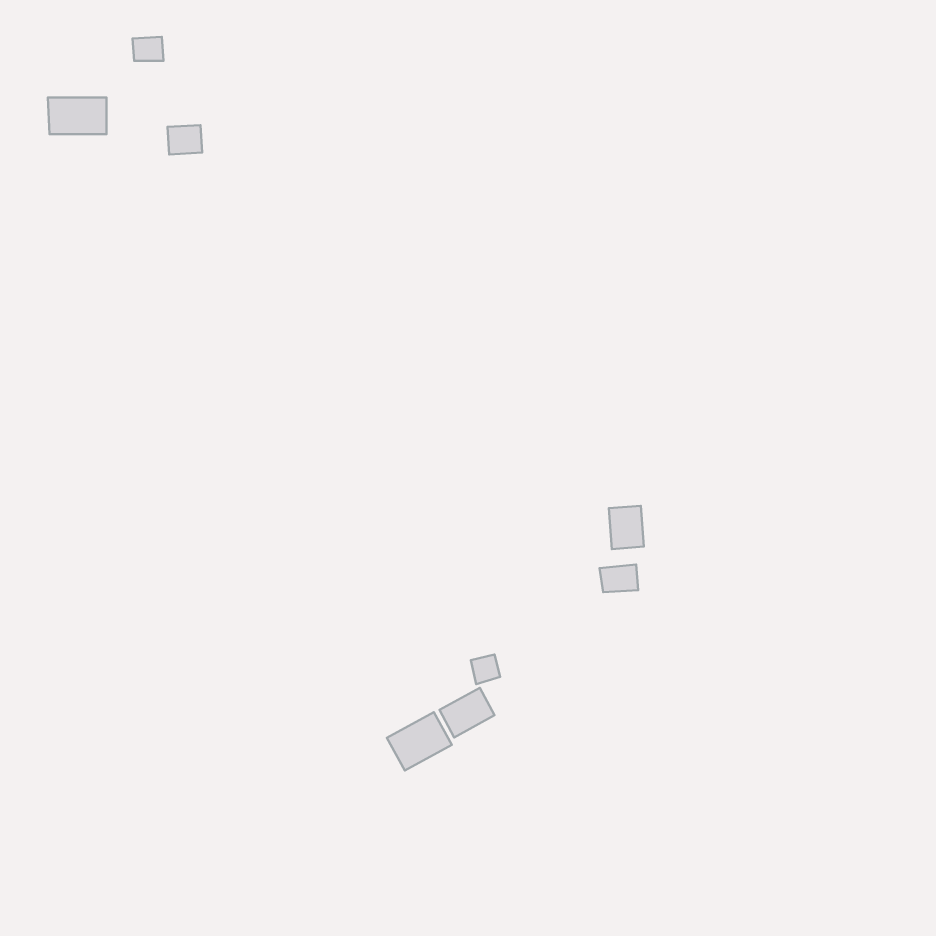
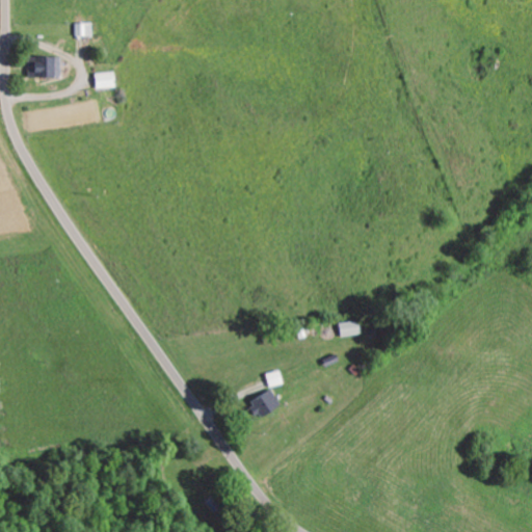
building: [609,506,644,549] -> none
building: [387,712,452,770] -> none

